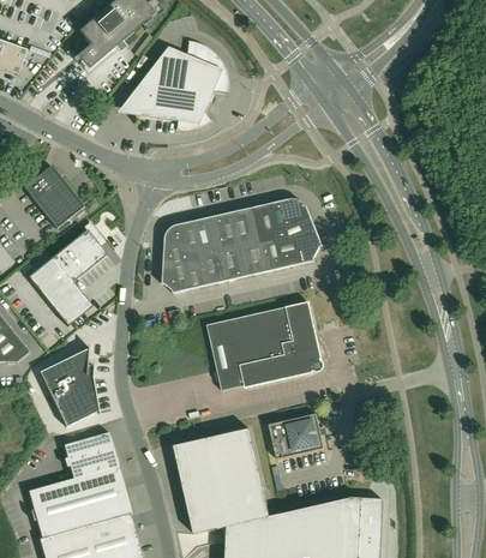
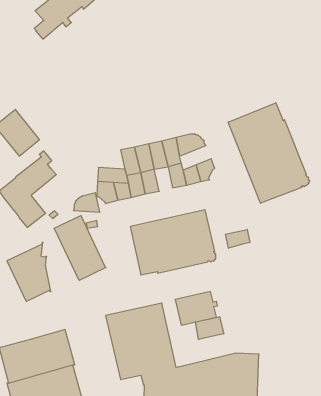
building: [130,40,227,130] -> none
building: none -> [228,103,309,203]
building: [274,214,317,247] -> none
building: [163,220,199,246] -> [73,193,100,212]
building: [239,242,264,276] -> none
building: none -> [54,215,106,280]
building: none -> [225,229,250,248]
building: [62,431,118,478] -> none
building: none -> [195,317,224,340]

